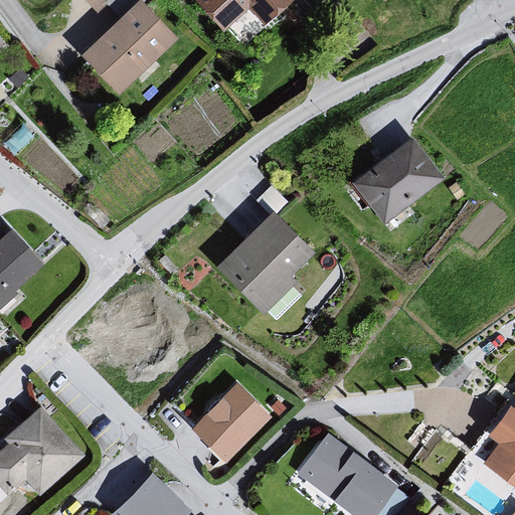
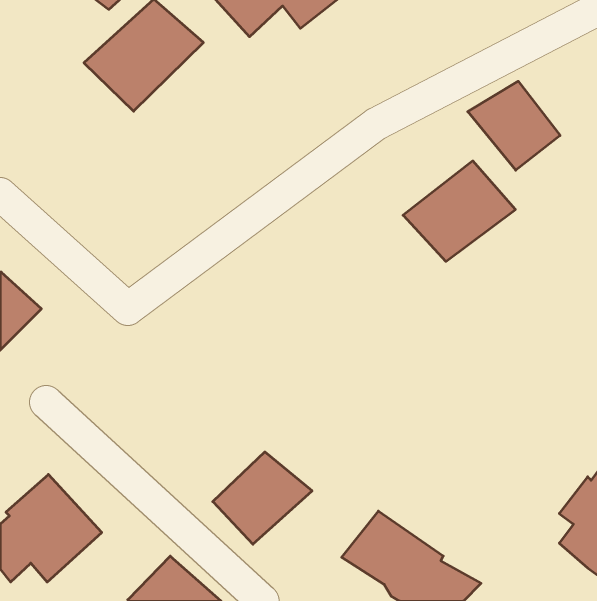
building: none -> [468,81,560,170]
building: [213,212,316,314] -> none

